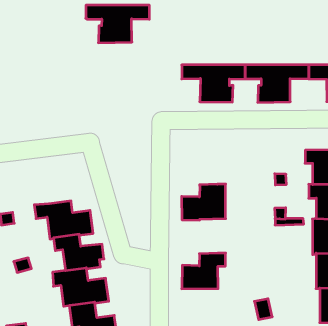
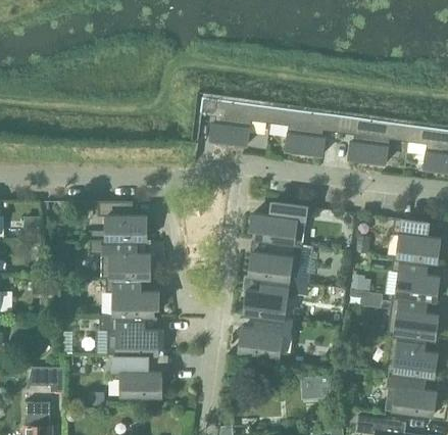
building: [86,5,149,43] -> [200,98,271,145]
building: none -> [250,203,307,244]
building: none -> [98,201,146,241]
building: none -> [244,279,297,319]

